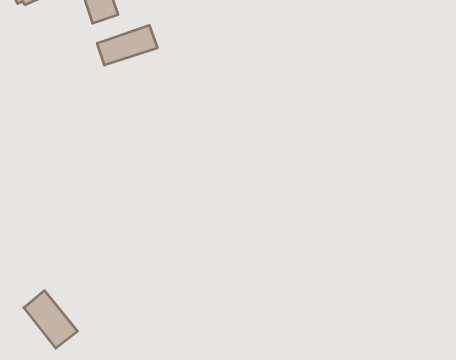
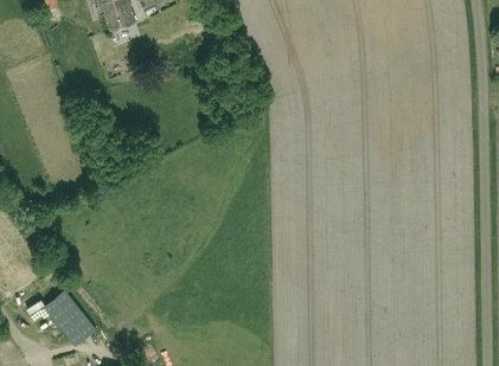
building: [97,25,157,65] -> none

